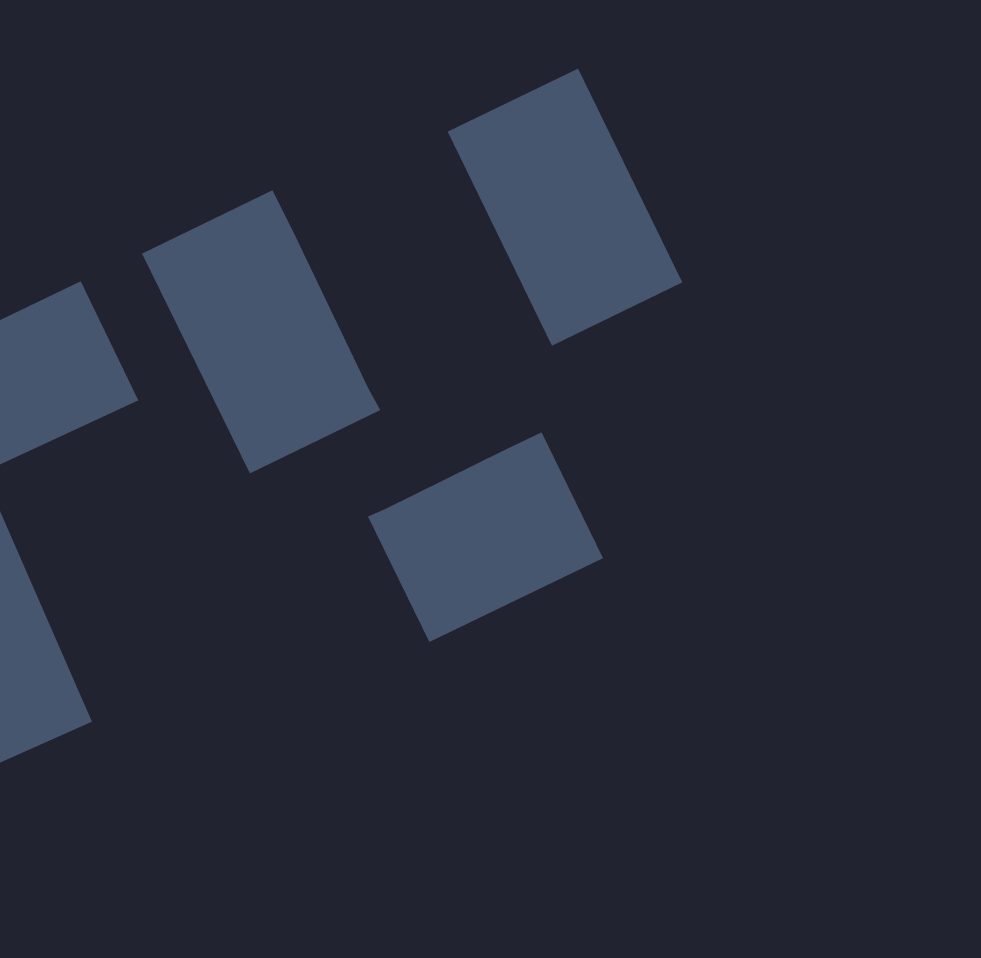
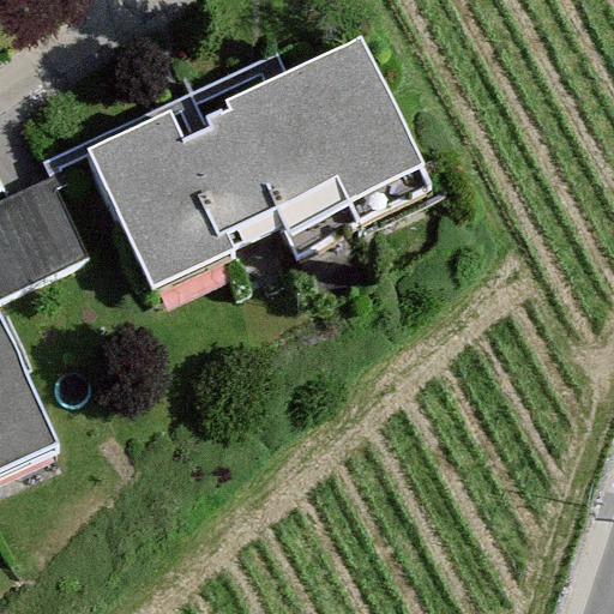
building: none -> [183,82,342,241]
building: [367,432,604,643] -> none

